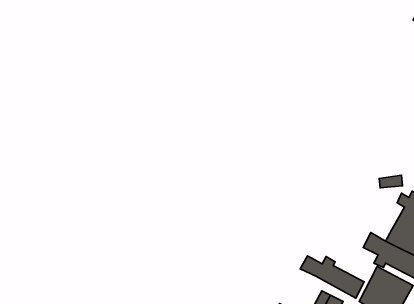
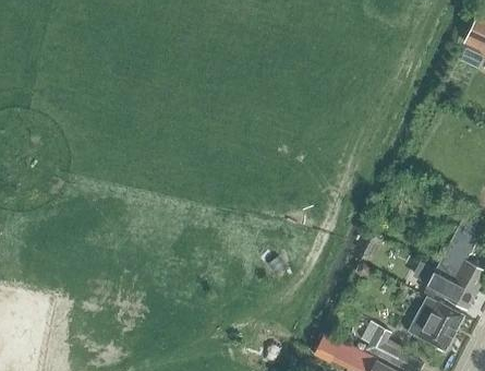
building: [300,256,364,298] -> none

